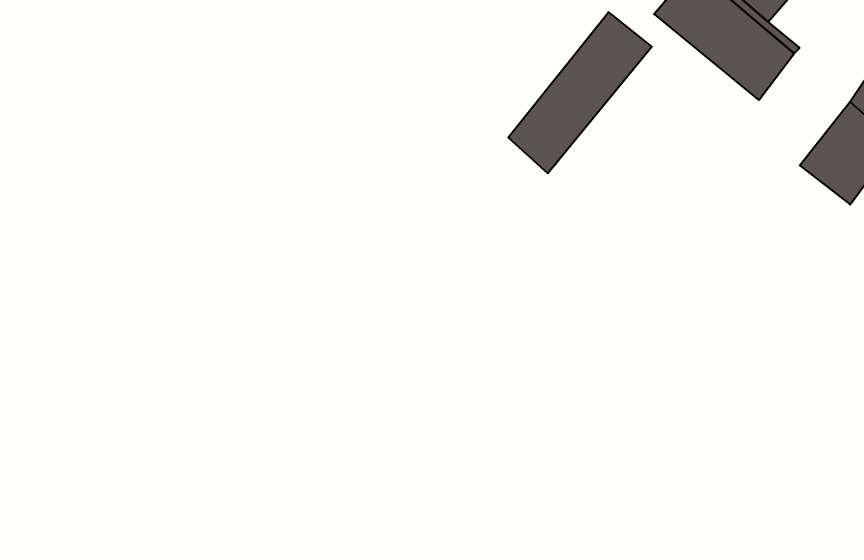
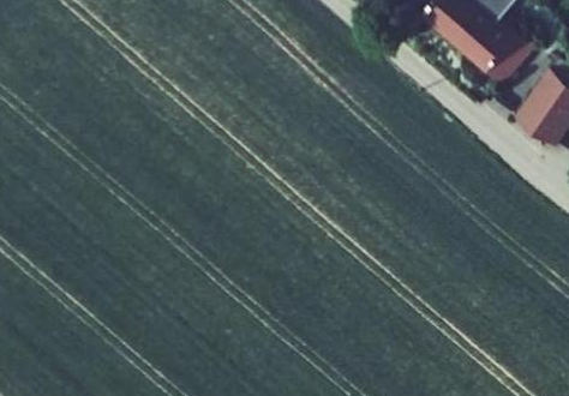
building: [508,12,652,173] -> none

